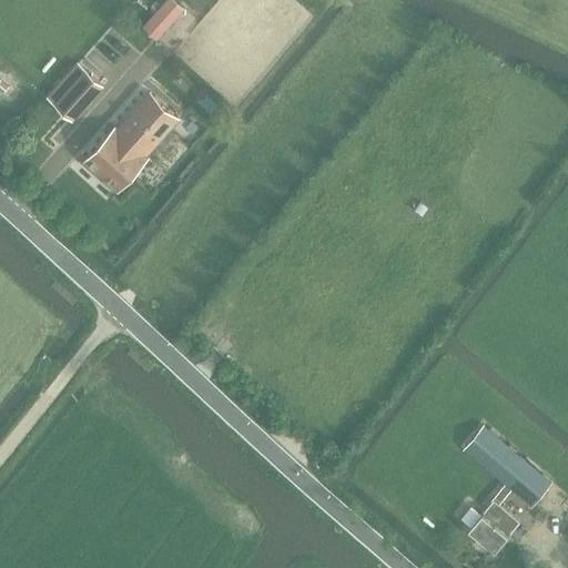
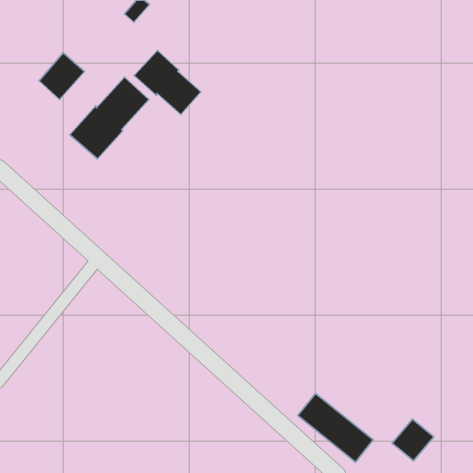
building: none -> [134,51,201,115]
building: [464,426,554,508] -> [298,393,373,462]

